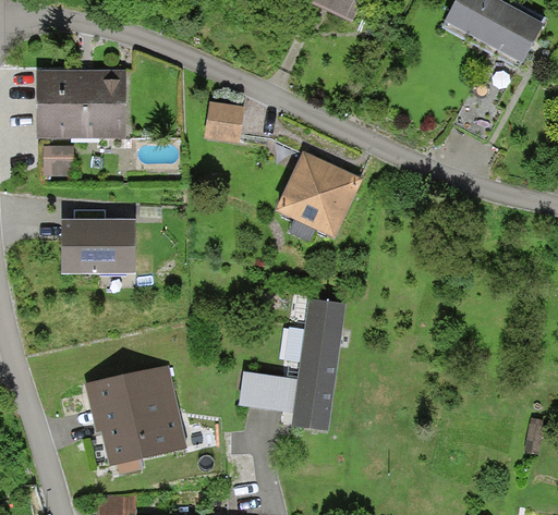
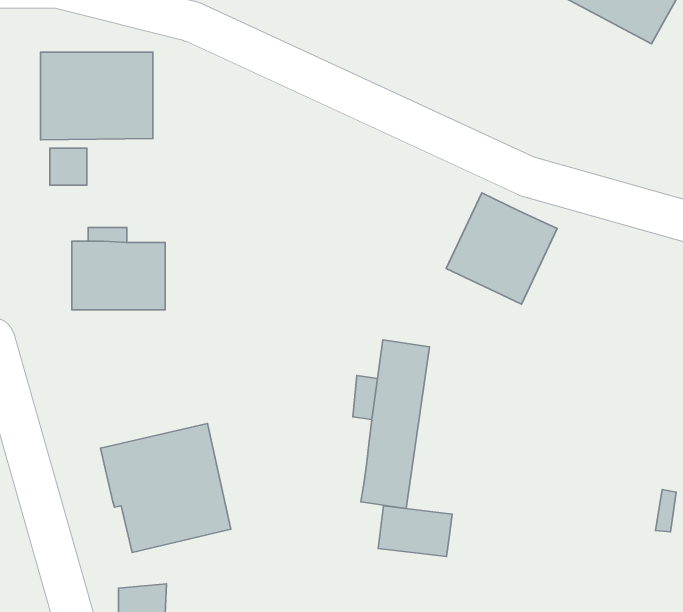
building: [204,100,244,143] -> none
building: [275,150,363,238] -> [446,193,557,304]
building: [239,371,298,412] -> [378,506,452,557]

